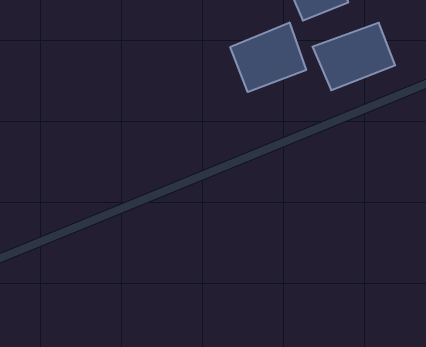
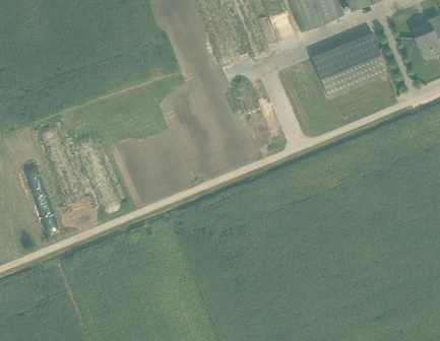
building: [230,22,306,92] -> none

